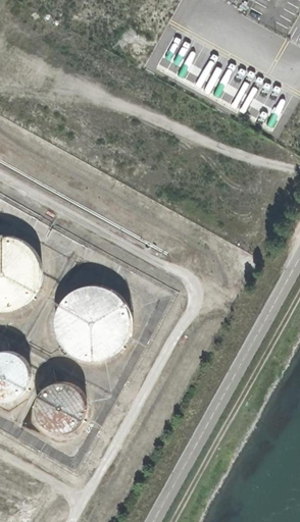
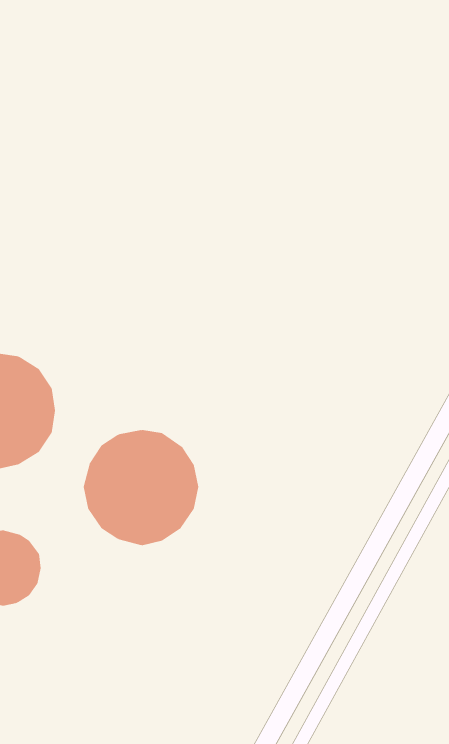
building: [33,382,83,432] -> none

